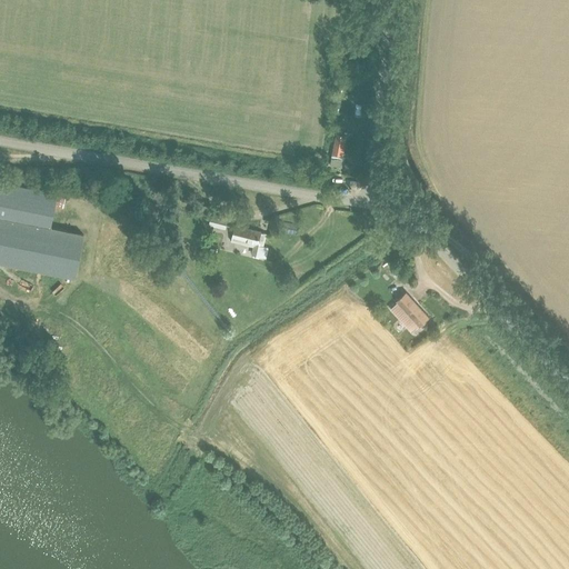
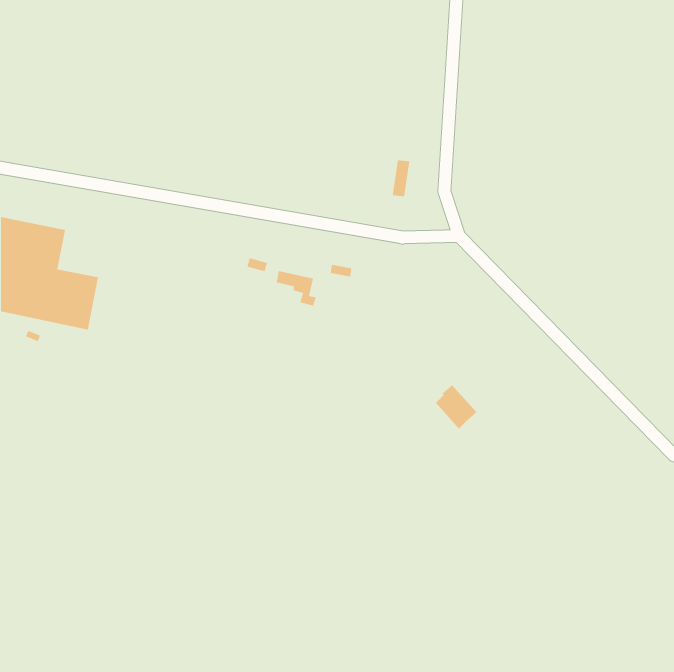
building: [391,296,427,333] -> [435,384,477,429]

